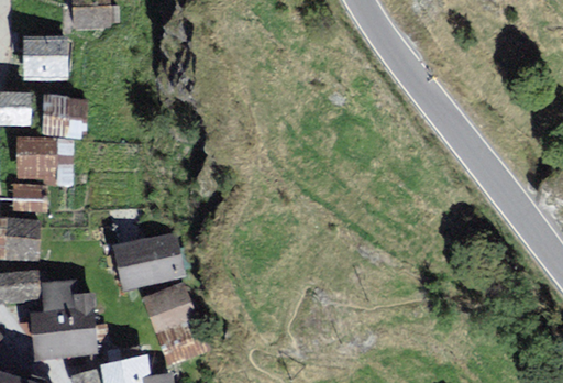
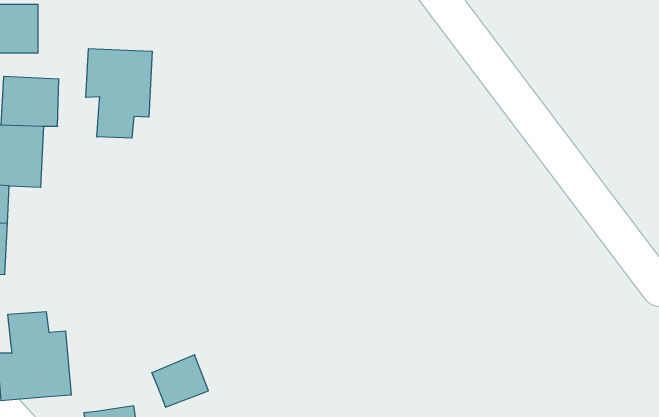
building: none -> [86,49,152,138]
building: [117,234,181,286] -> none
building: [146,286,191,325] -> none

